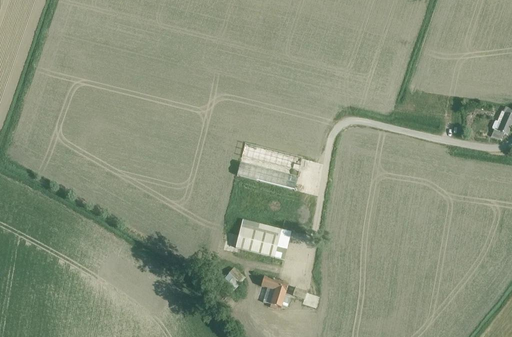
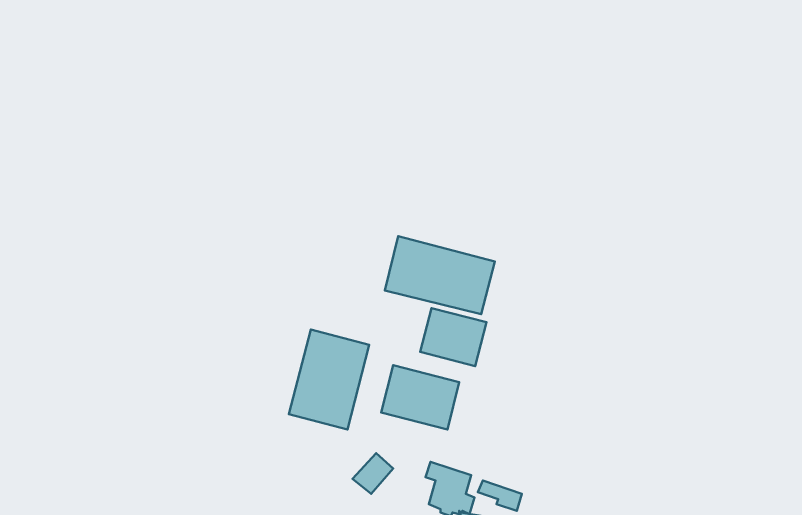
building: none -> [420,308,487,366]
building: none -> [289,330,369,430]

